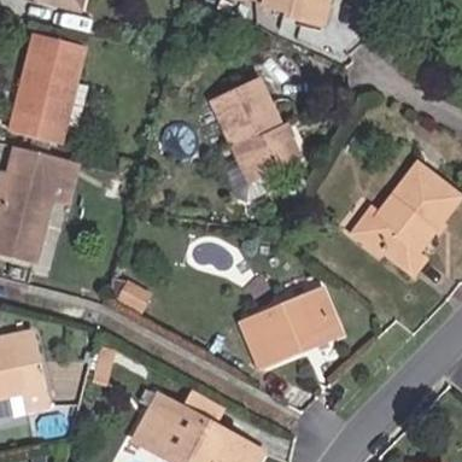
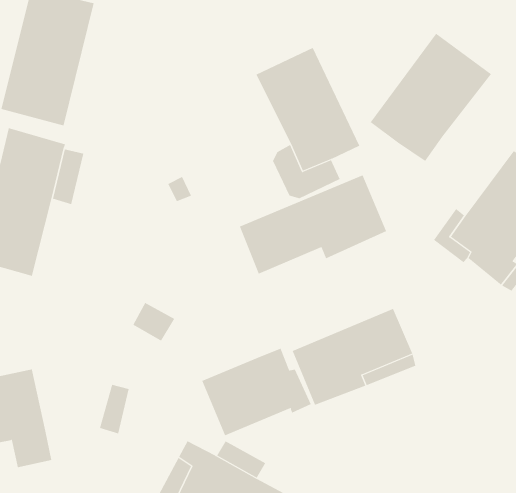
building: none -> [370,33,492,162]
building: none -> [239,174,387,274]
building: none -> [202,348,312,436]

